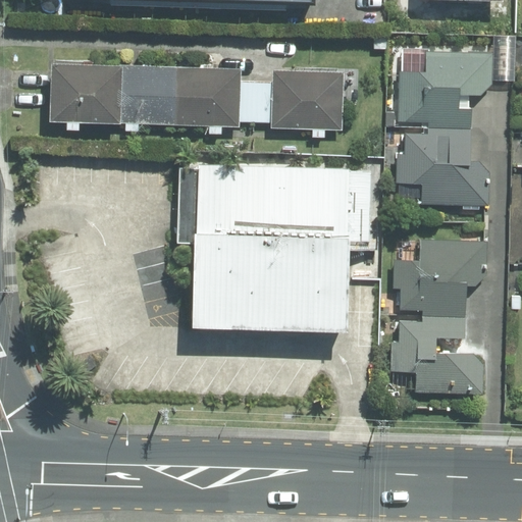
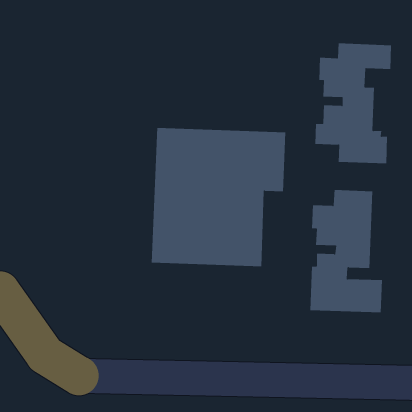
building: [37,62,233,125] -> none
building: [264,67,336,128] -> none

